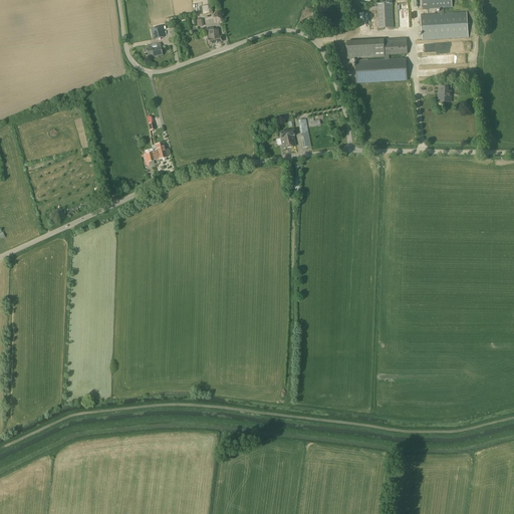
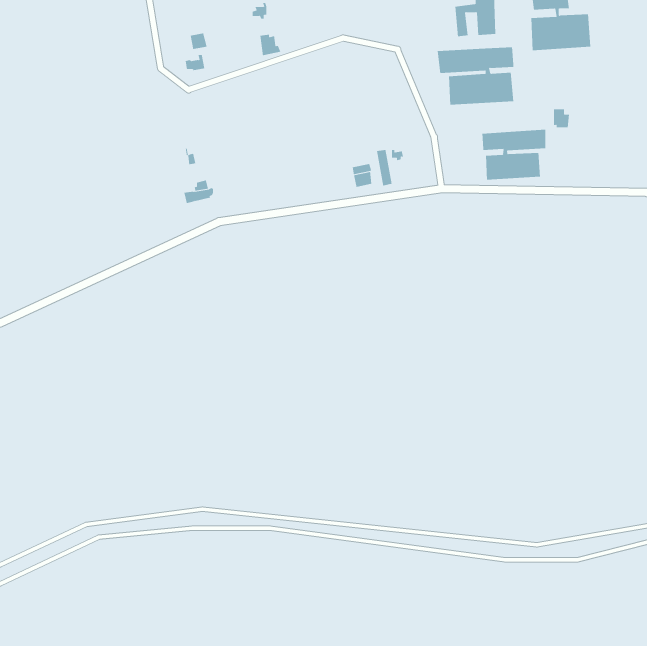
building: none -> [482,129,546,181]

